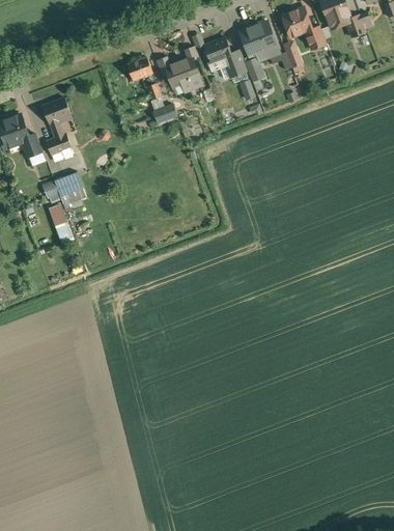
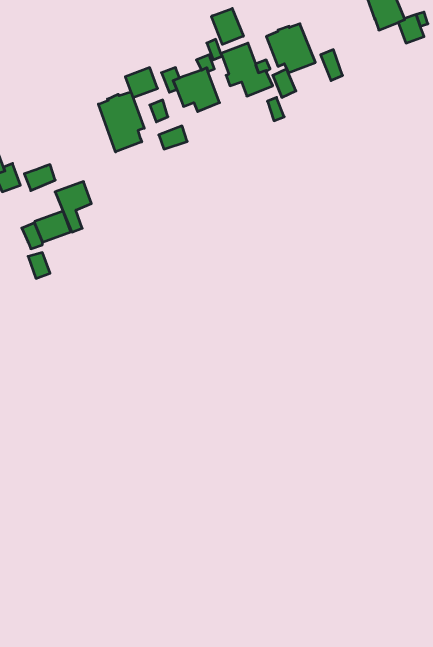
building: [283,7,327,50] -> none
building: none -> [211,8,243,44]
building: none -> [98,92,144,152]
building: [41,97,71,138] -> [55,182,91,232]

